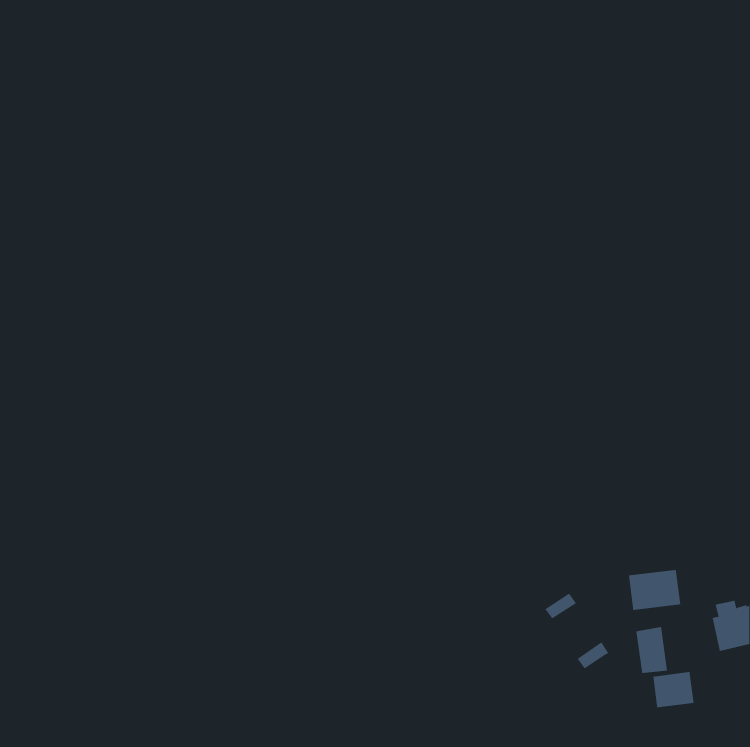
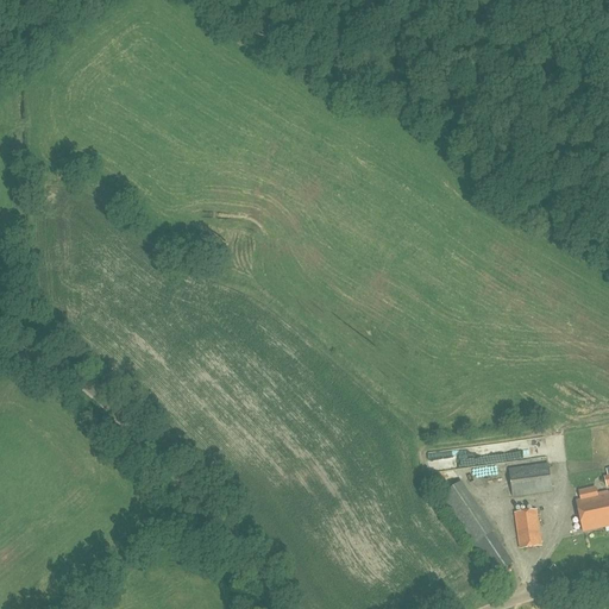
building: [653,671,694,708] -> none

